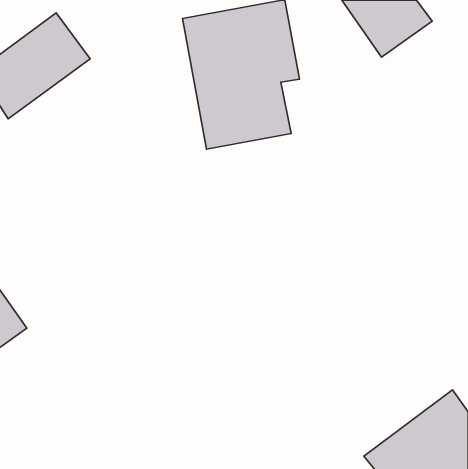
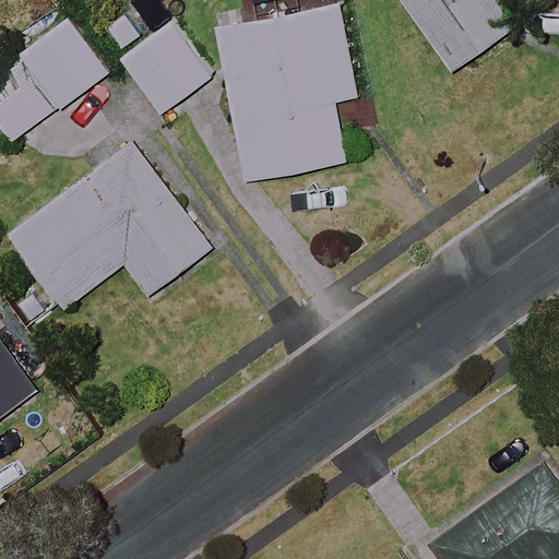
building: none -> [120,23,210,114]
building: none -> [9,143,210,308]

